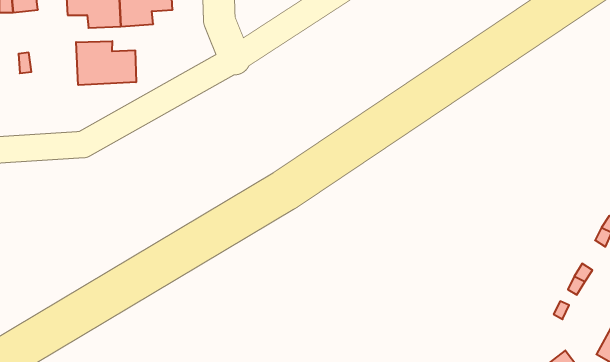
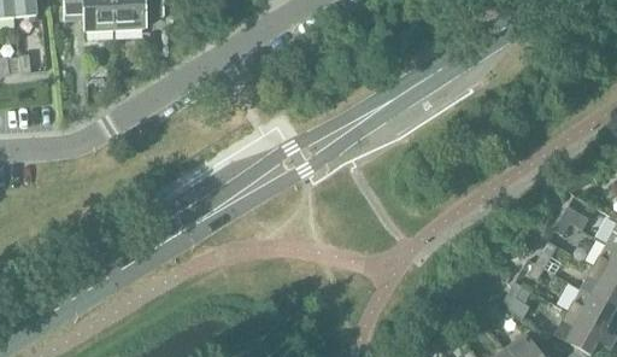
building: [76,41,136,85] -> none

